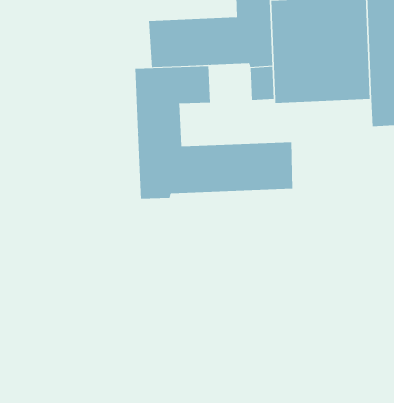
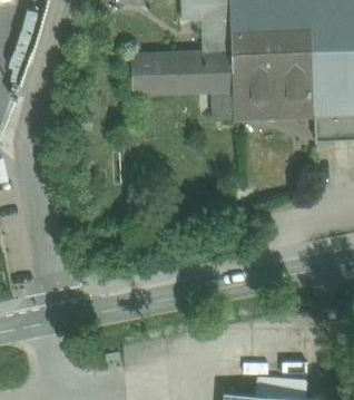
building: [135,65,293,199] -> none

